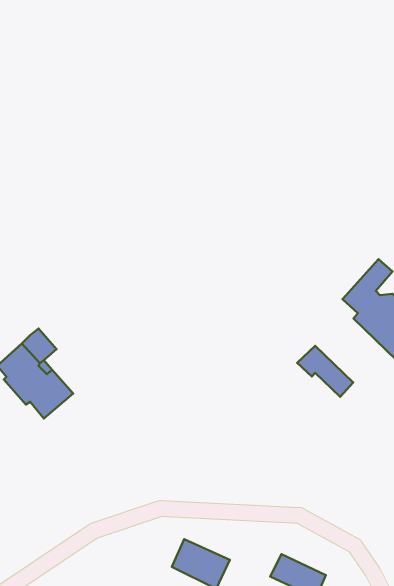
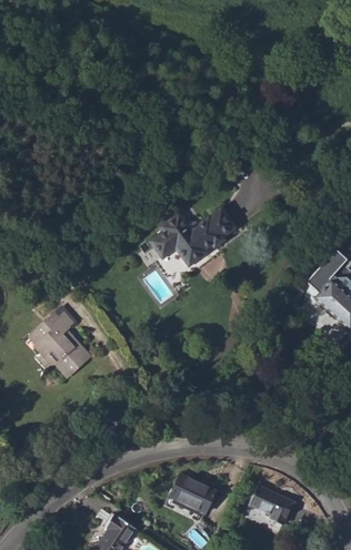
building: none -> [149,206,237,266]
building: [297,346,353,397] -> none

